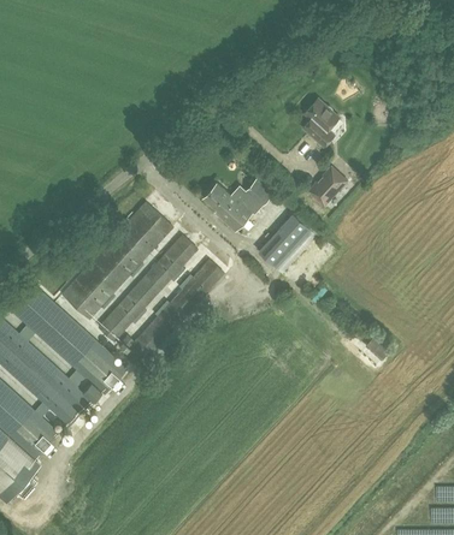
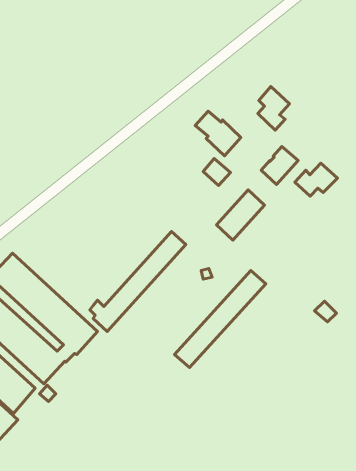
building: [204,183,254,232] -> [195,111,241,156]
building: none -> [295,163,337,196]
building: [61,202,175,320] -> none
building: [98,234,199,341] -> [174,271,266,368]

